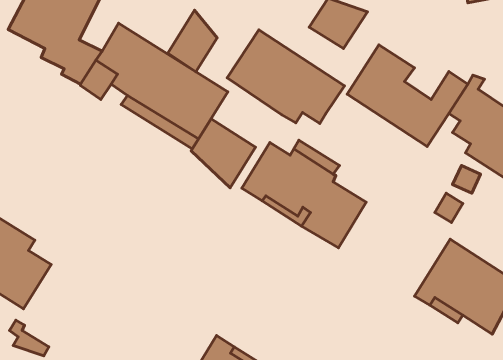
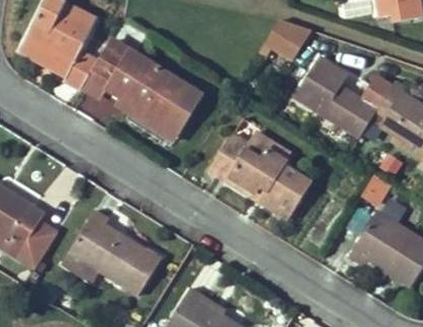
building: [168,10,217,72] -> none
building: [227,30,345,123] -> none
building: [191,119,255,188] -> none
building: none -> [62,210,162,295]

